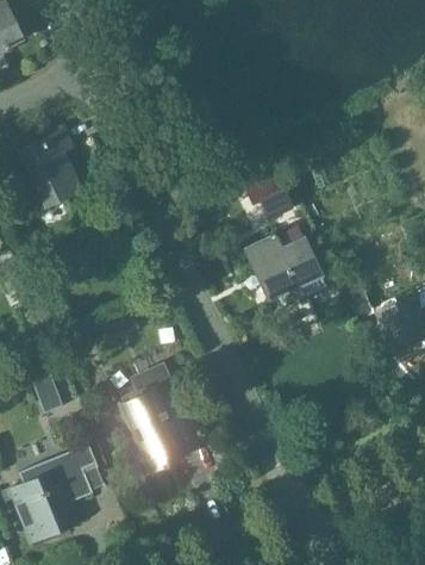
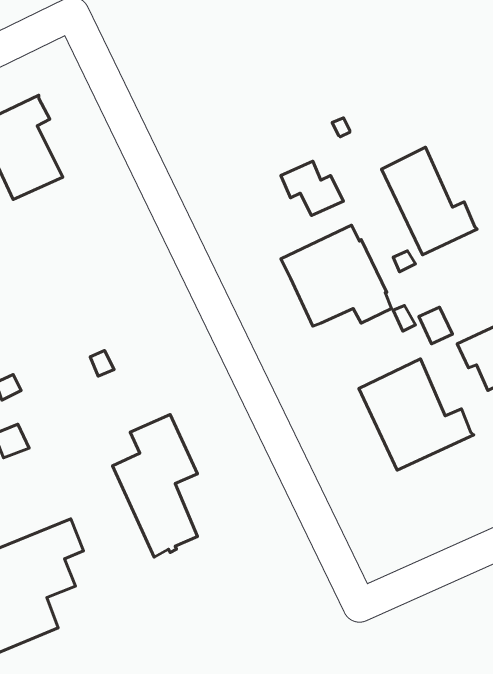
building: none -> [382,147,477,255]
building: none -> [359,359,474,470]

